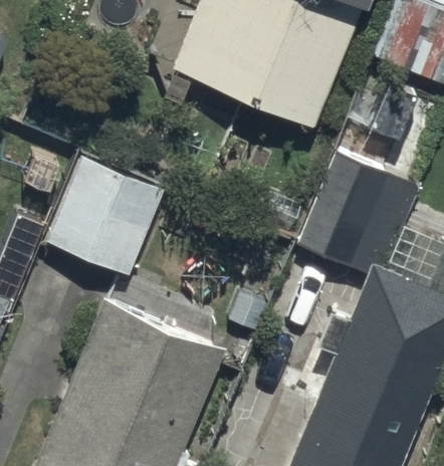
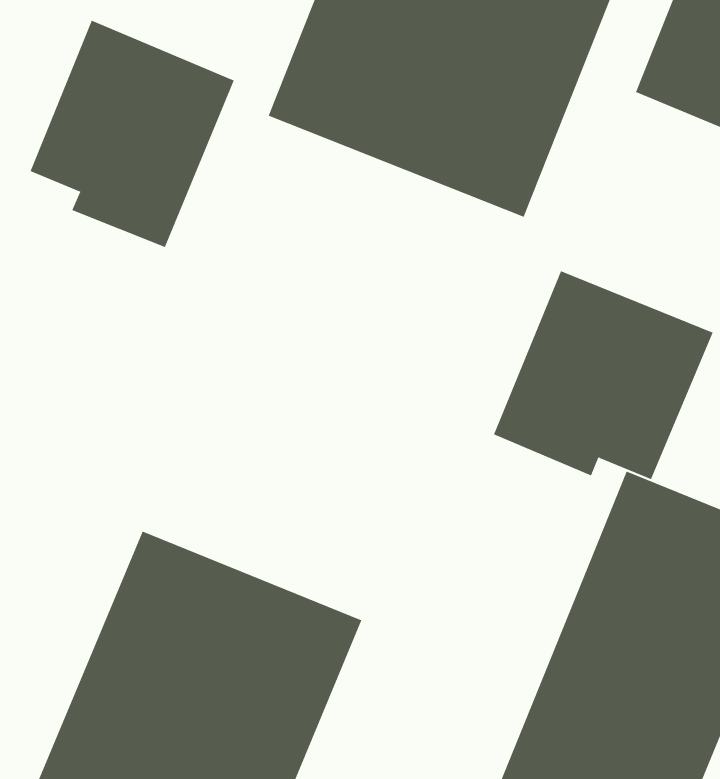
building: none -> [30,20,235,248]
building: [47,161,163,274] -> none

